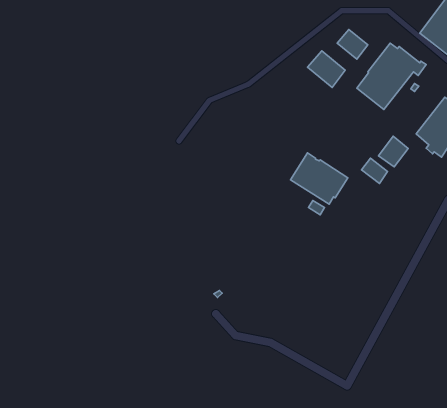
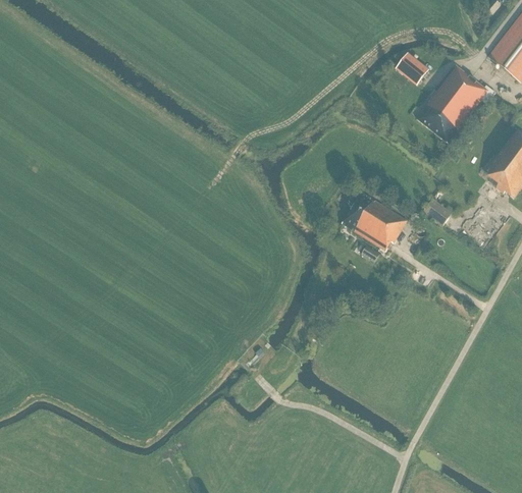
building: [307,51,345,87] -> none
building: [378,136,408,167] -> none

